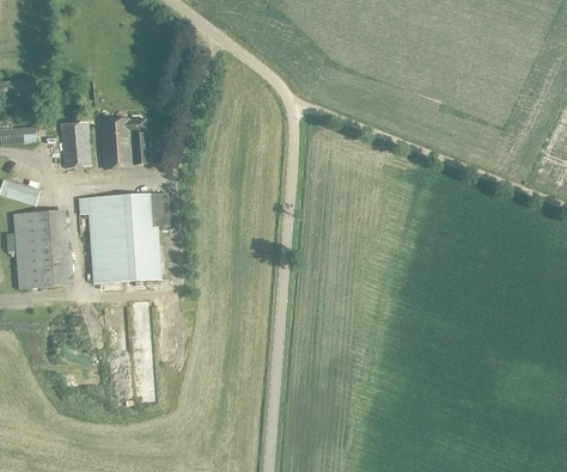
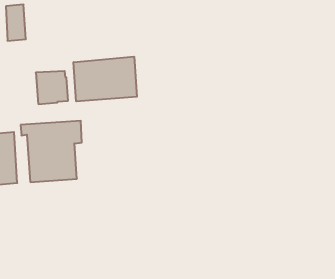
building: none -> [74,57,137,101]
building: [60,114,90,167] -> [6,5,26,41]

